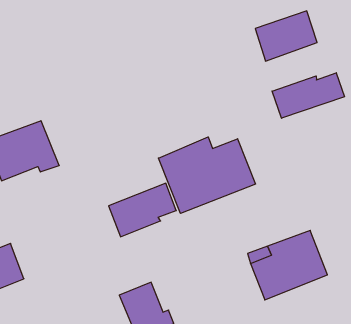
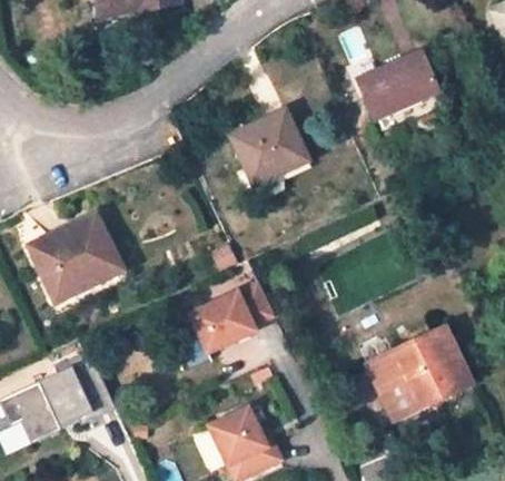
building: none -> [231,111,305,177]
building: [272,73,345,118] -> none
building: [158,137,255,213] -> none

